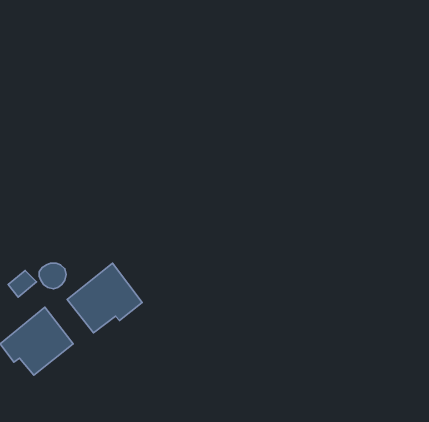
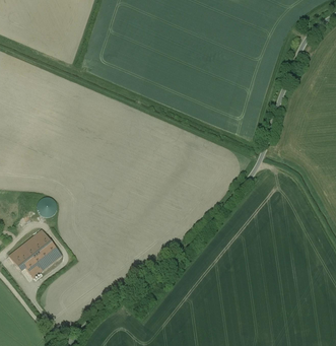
building: [67,263,142,333] -> none

